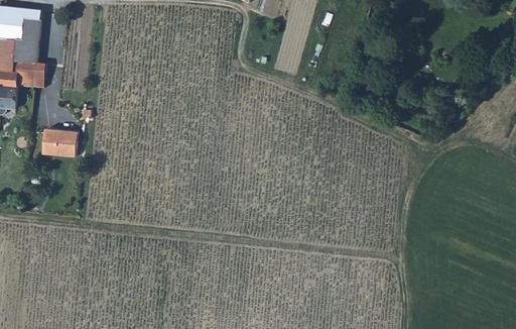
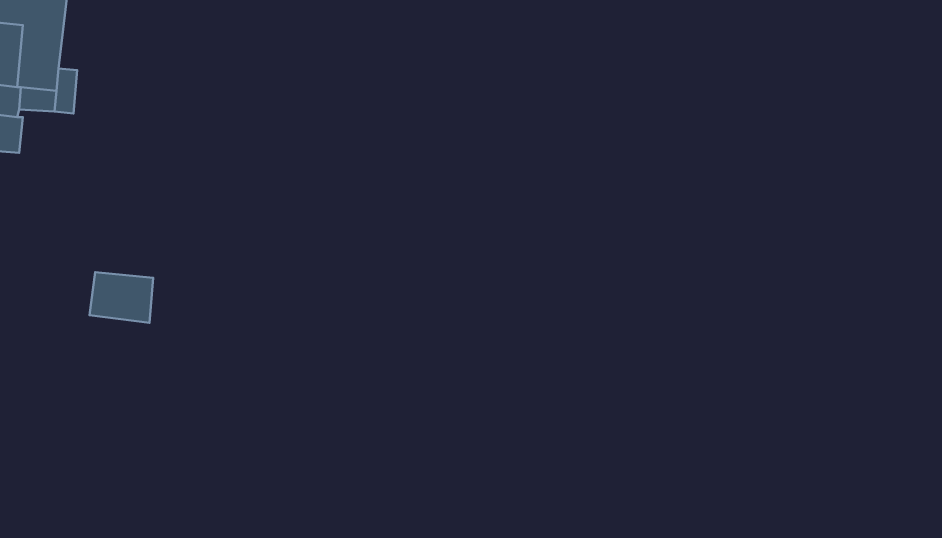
building: [41,127,76,154] -> [90,272,153,323]

